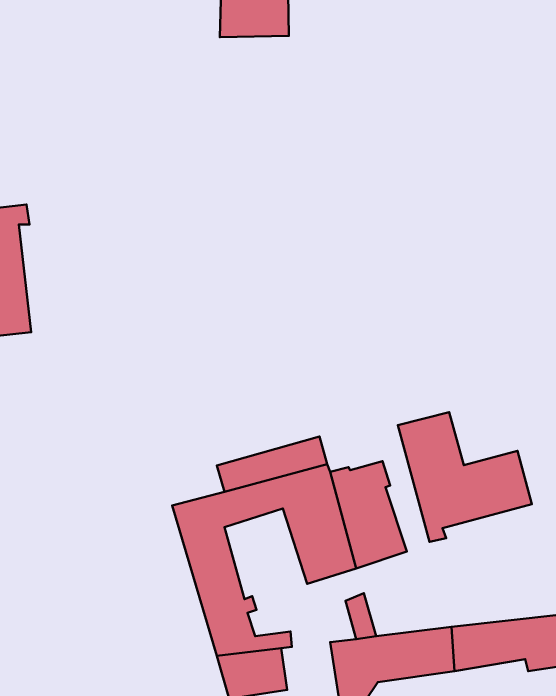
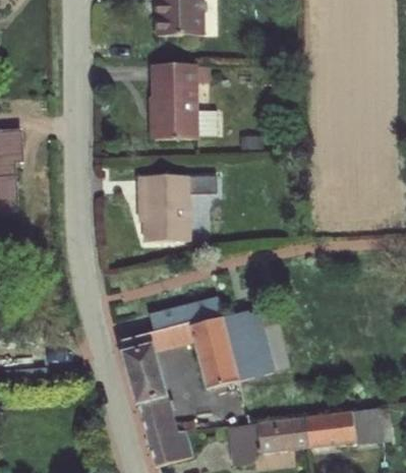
building: none -> [148,53,190,128]
building: none -> [133,168,211,231]
building: [398,412,532,542] -> none

